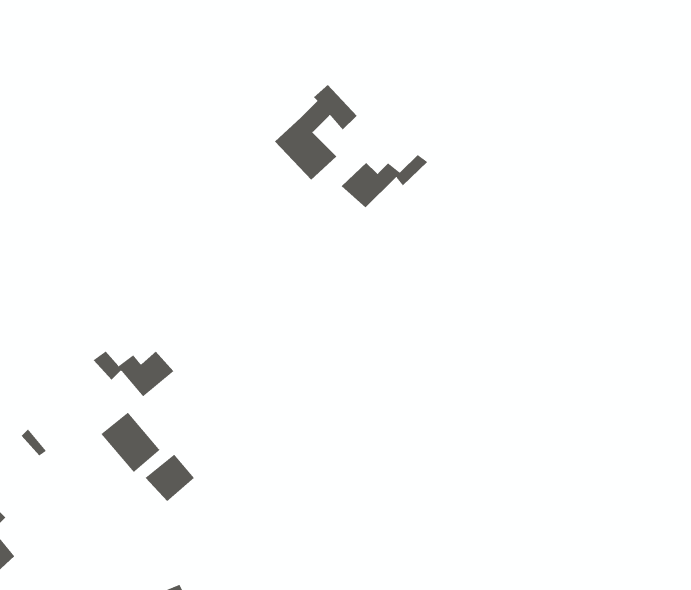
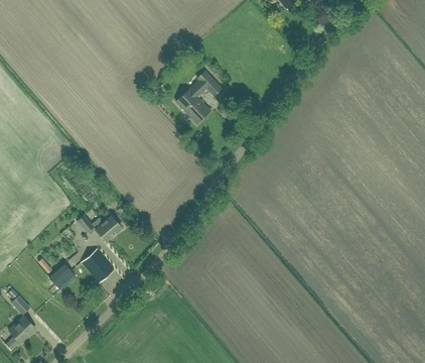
building: [341,154,428,208] -> none
building: [145,454,195,502] -> [48,263,76,289]

